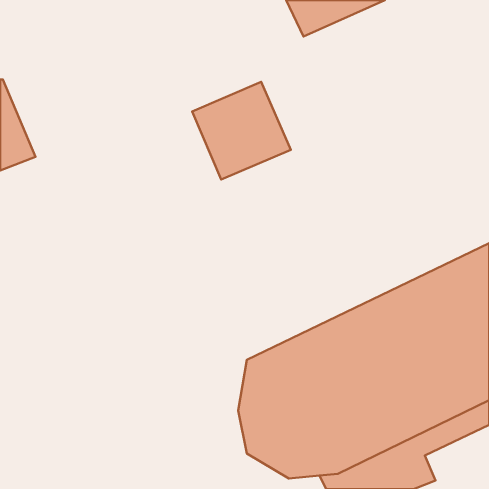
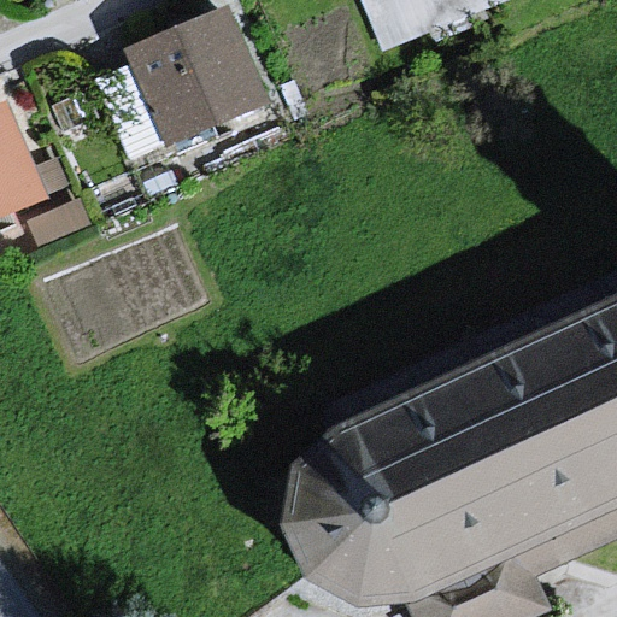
building: [192,82,291,179] -> [134,13,258,136]

